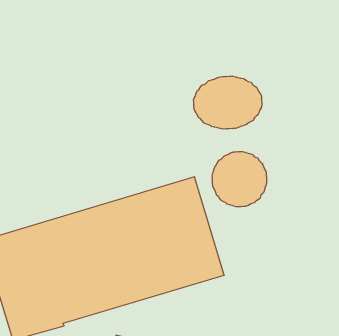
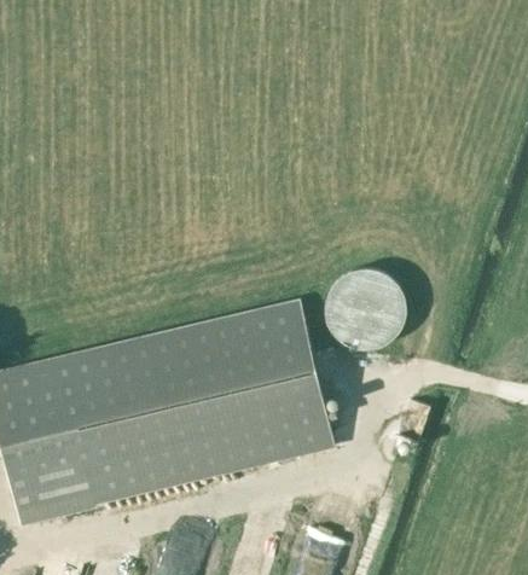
building: [194,76,262,129] -> none

